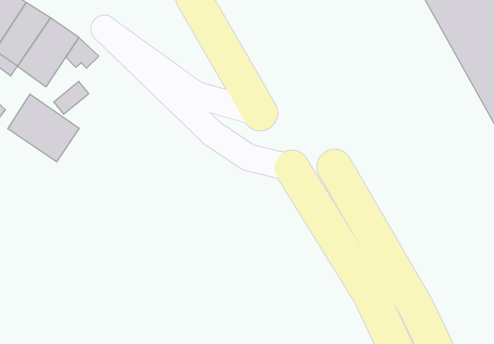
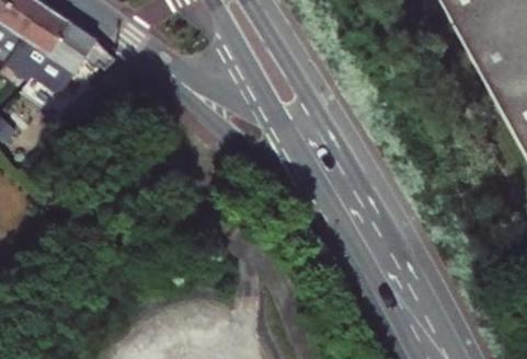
building: [8,94,79,162] -> none

